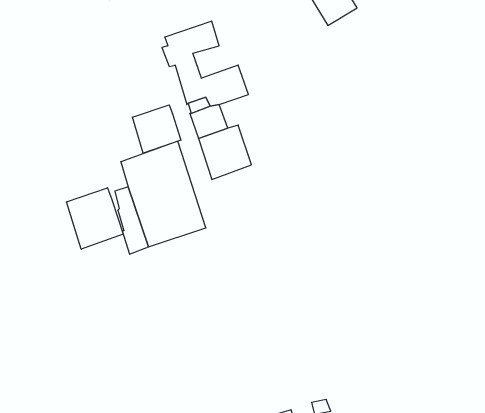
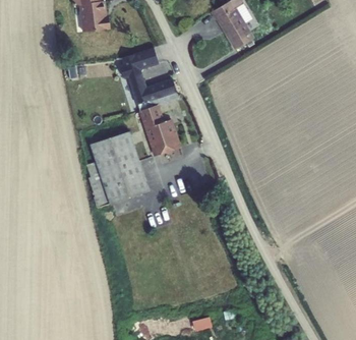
building: [132,105,181,153] -> none
building: [67,188,123,249] -> none

